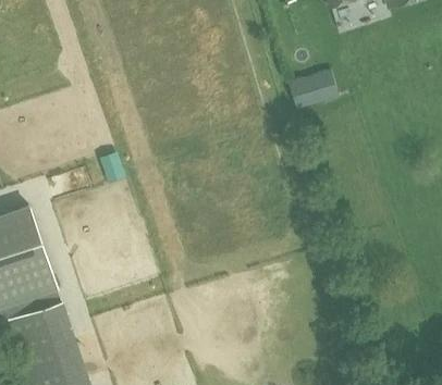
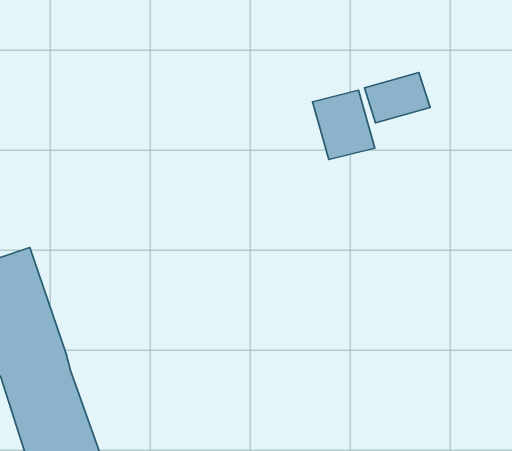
building: none -> [313,90,375,160]

